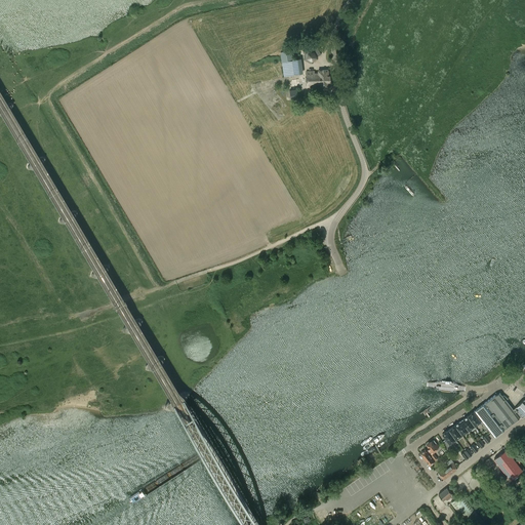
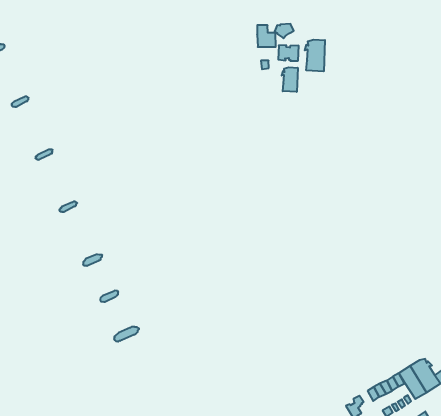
building: none -> [305,40,325,71]
building: none -> [282,67,298,92]

